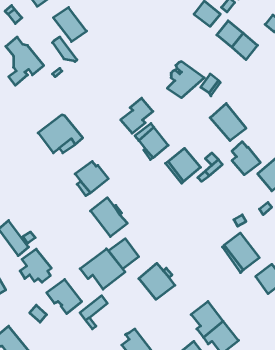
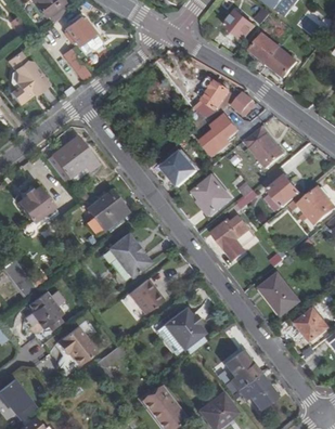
building: [121,98,153,133] -> [205,113,242,153]
building: none -> [17,187,57,221]
building: none -> [211,216,249,260]
building: [80,249,125,289] -> none

